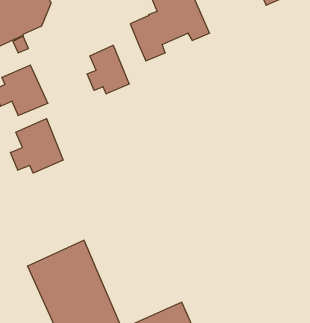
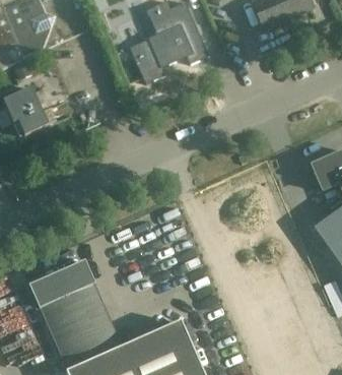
building: [87,45,129,94] -> none
building: [10,119,63,173] -> none

